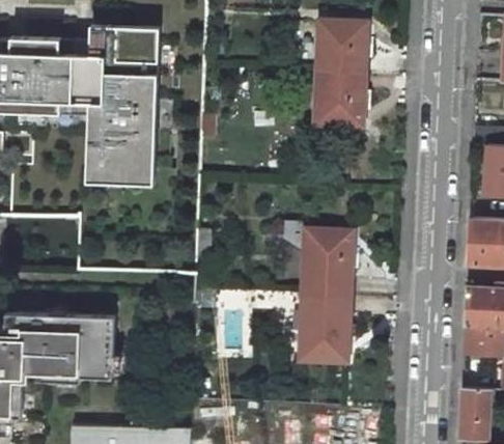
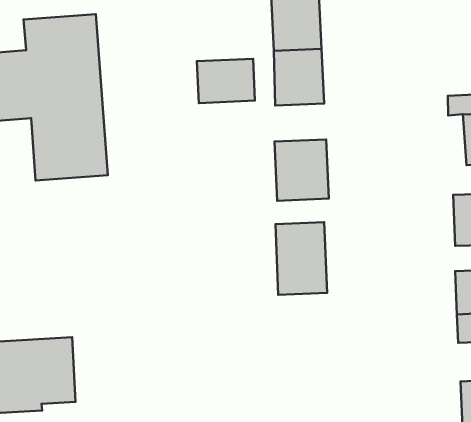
building: none -> [197,59,255,103]
building: none -> [275,139,329,201]
building: [301,297,348,362] -> none

